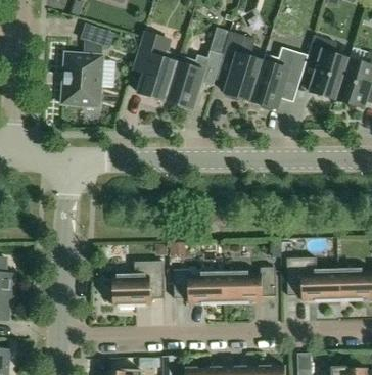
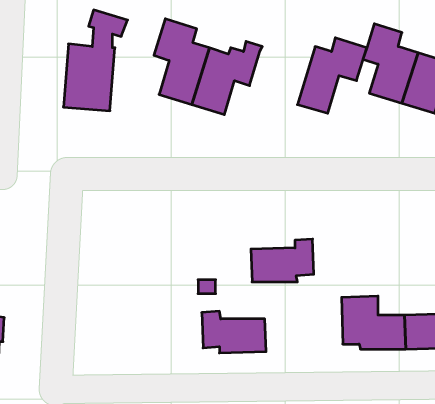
building: [220,30,265,100] -> none
building: [107,260,164,303] -> none
building: [224,266,275,300] -> [251,239,314,282]

